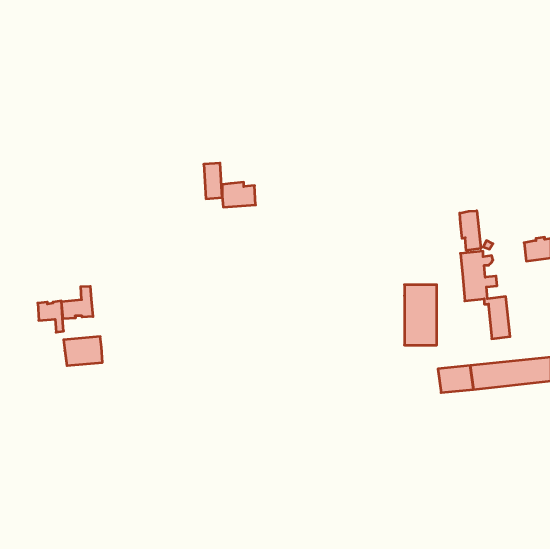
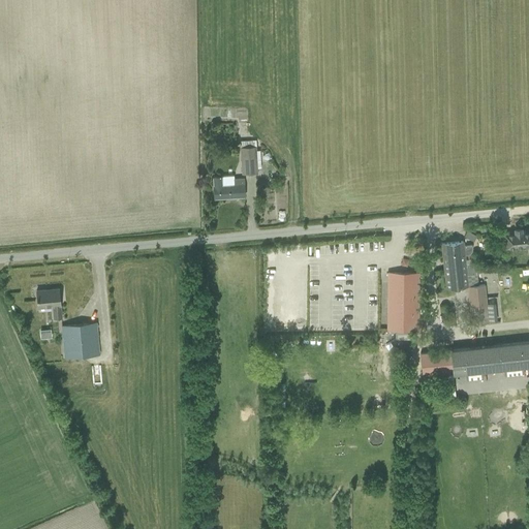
building: [204,163,222,199] -> [241,142,258,176]
building: [460,211,481,250] -> none
building: [62,286,93,319] -> none

